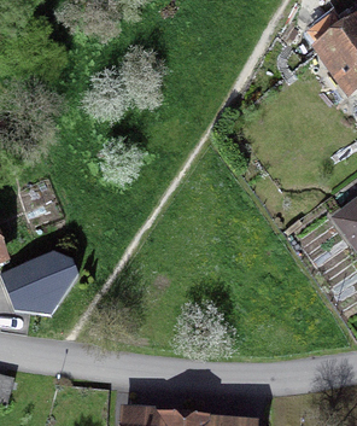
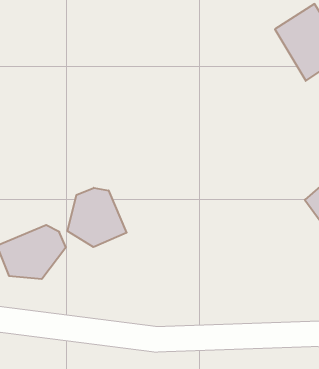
building: none -> [67,188,127,247]

